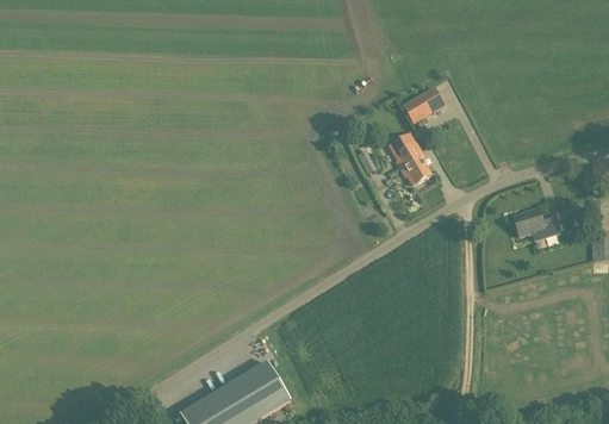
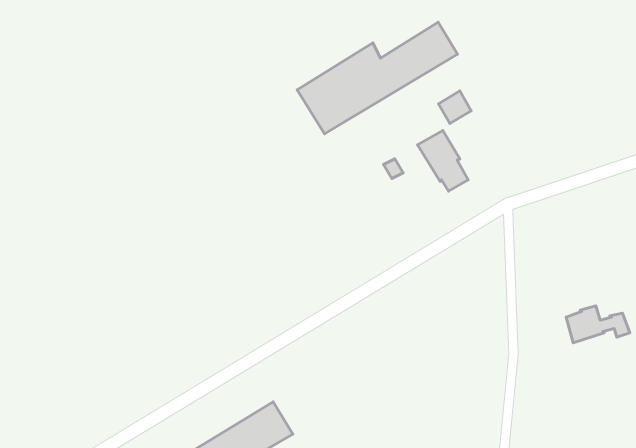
building: none -> [297,22,457,134]
building: [512,206,566,237] -> [566,306,630,343]

